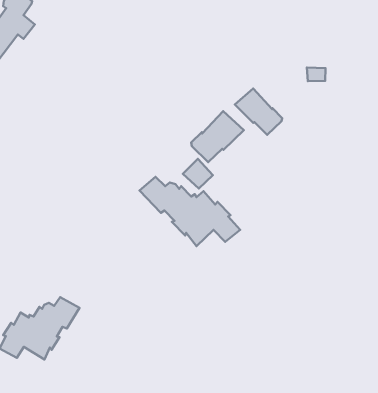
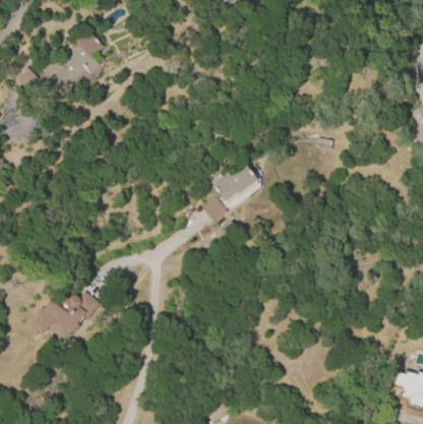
building: [235,88,282,135] -> none
building: [139,177,240,246] -> none

